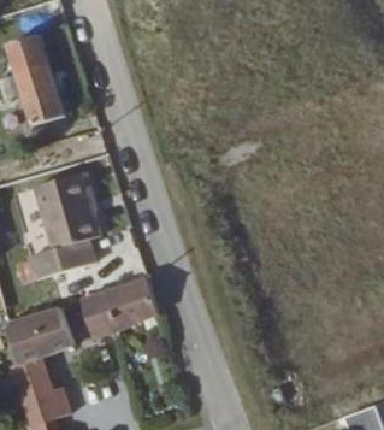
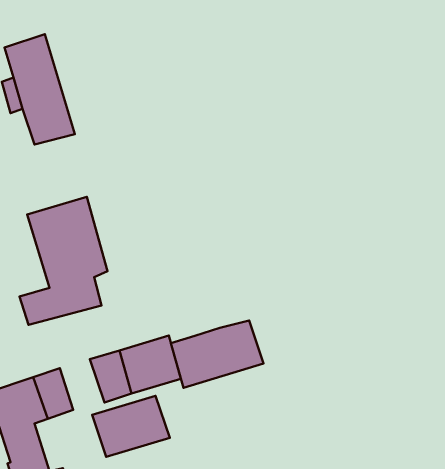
building: none -> [171,320,263,388]
building: none -> [92,396,170,457]

